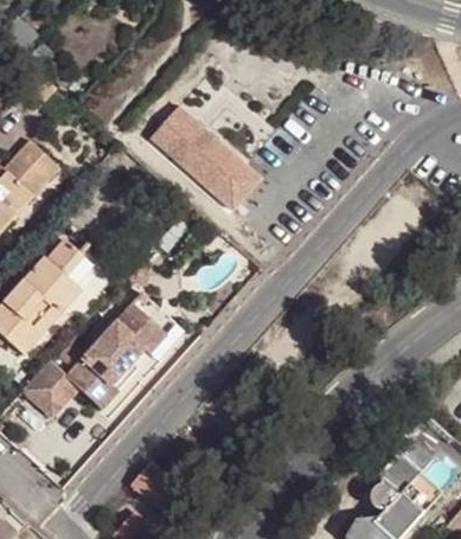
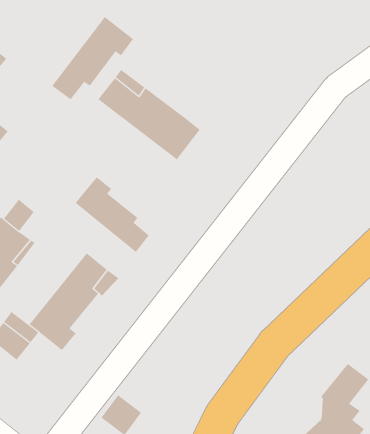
building: none -> [51,16,134,100]
building: none -> [75,176,150,253]

